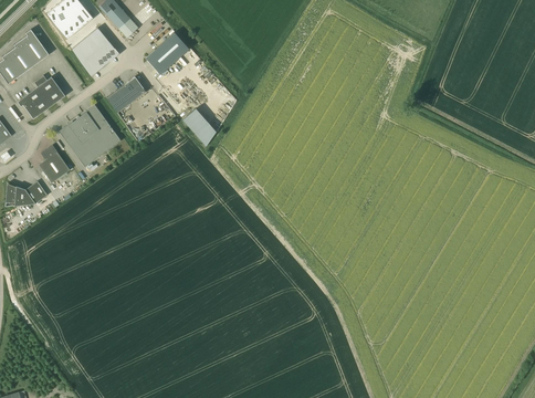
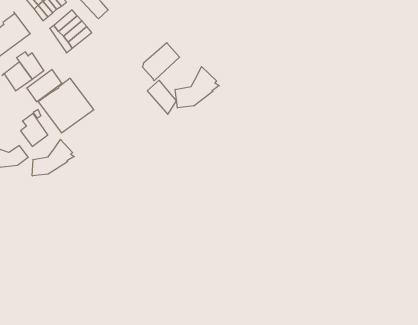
building: [147,32,189,75] -> [142,43,180,81]
building: [106,76,146,113] -> [27,69,62,102]
building: none -> [175,67,219,108]
building: none -> [32,139,74,176]

